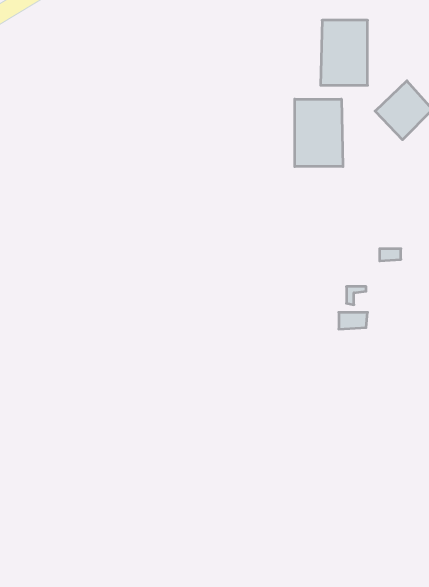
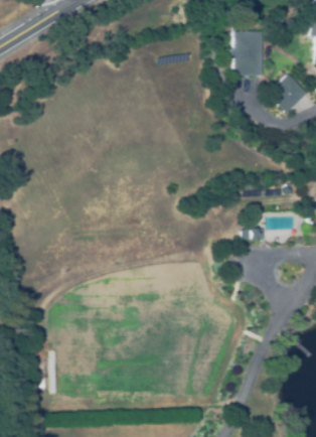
building: [295,99,343,167] -> none

